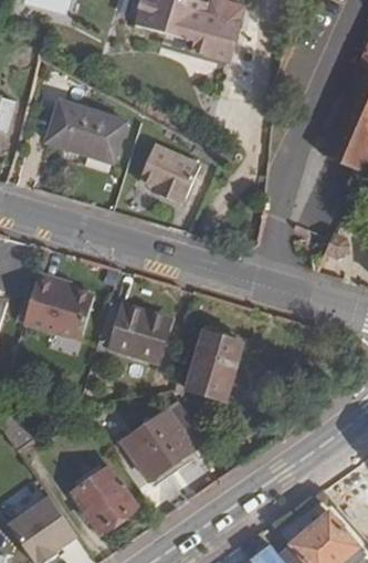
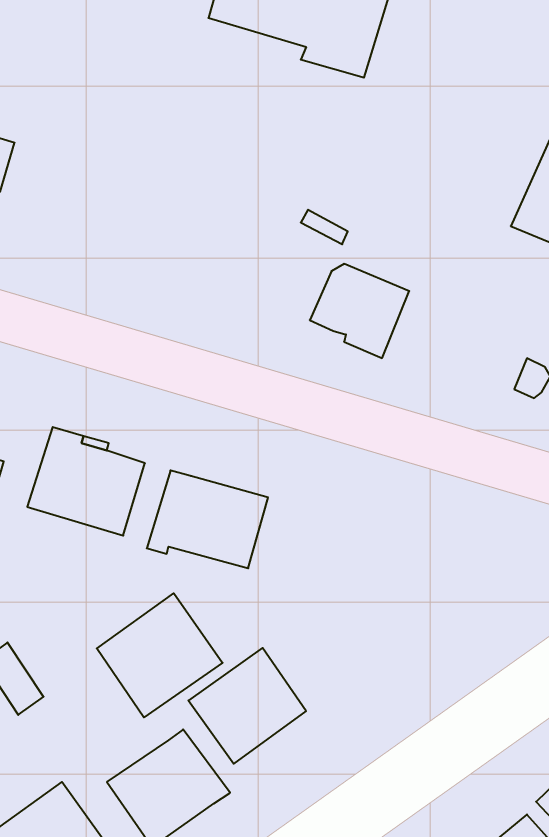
building: [46,100,126,158] -> none
building: [137,146,198,204] -> [310,264,409,358]
building: [185,331,249,400] -> none
building: none -> [97,593,223,717]

